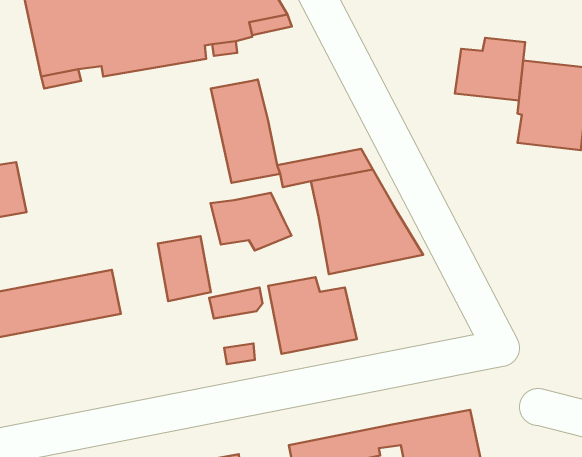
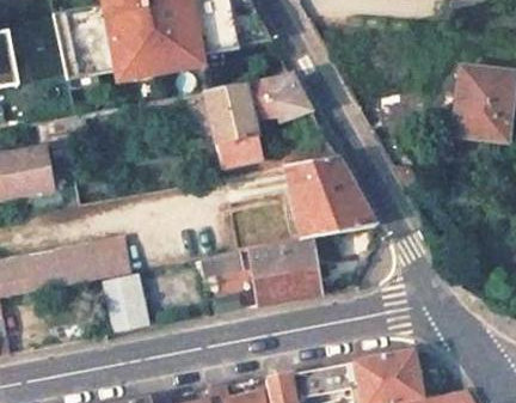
building: [455,38,525,101] -> none
building: [210,193,292,250] -> [241,74,307,121]
building: [158,236,211,301] -> [105,276,148,329]

